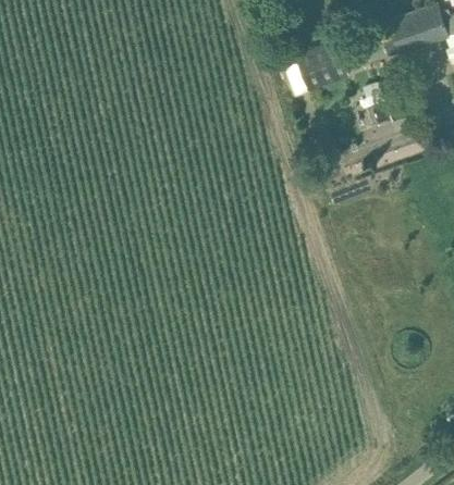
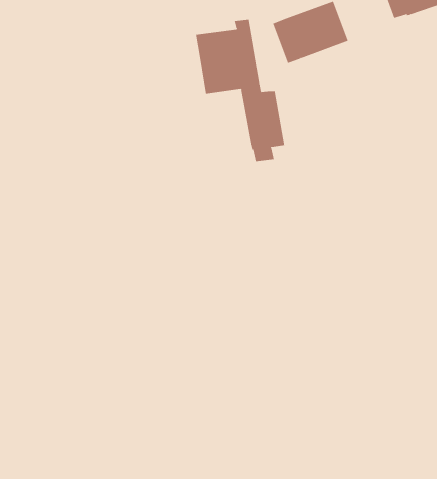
building: none -> [196,19,285,162]

